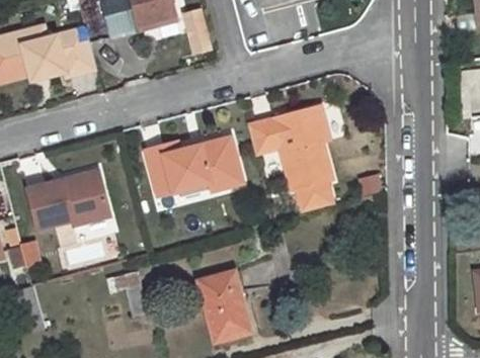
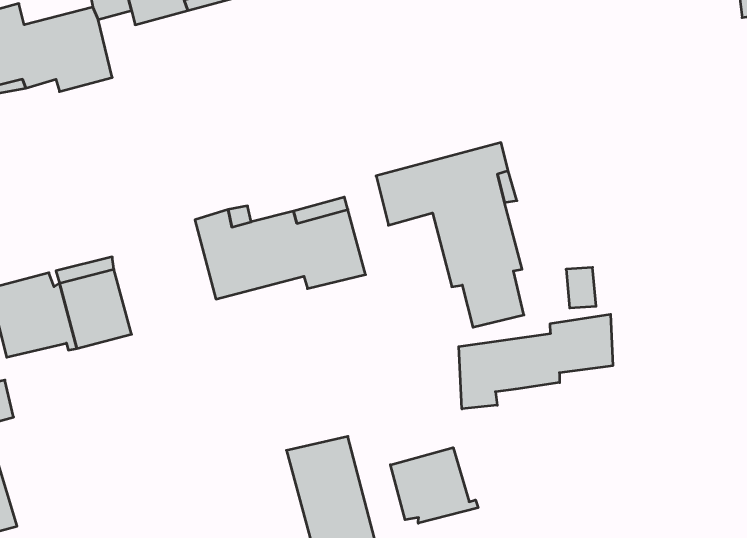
building: none -> [459,314,613,409]
building: none -> [390,448,478,523]

